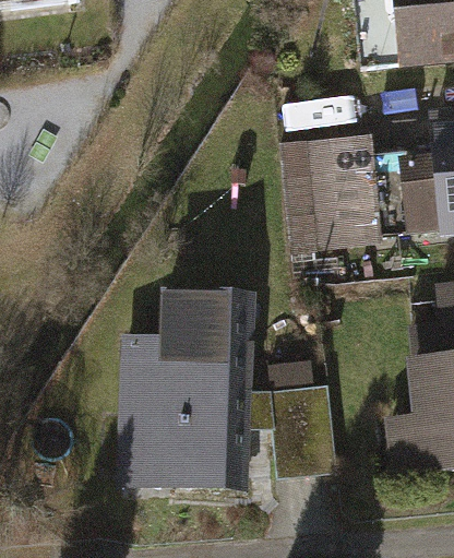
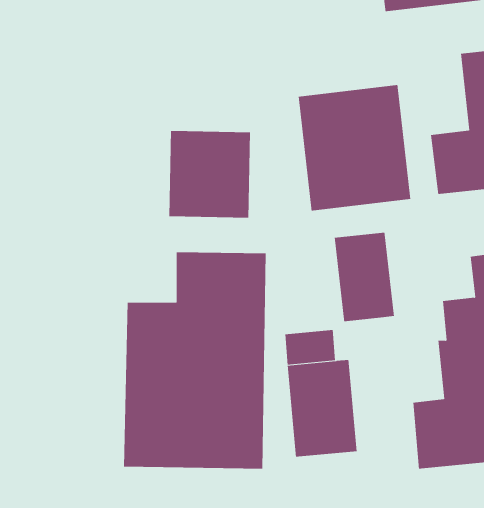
building: none -> [169,130,250,219]
building: none -> [334,232,395,322]

